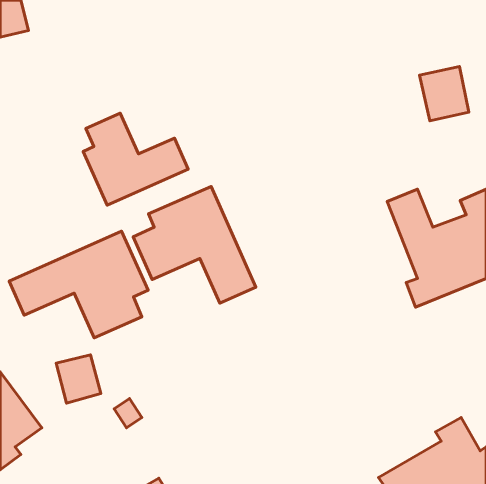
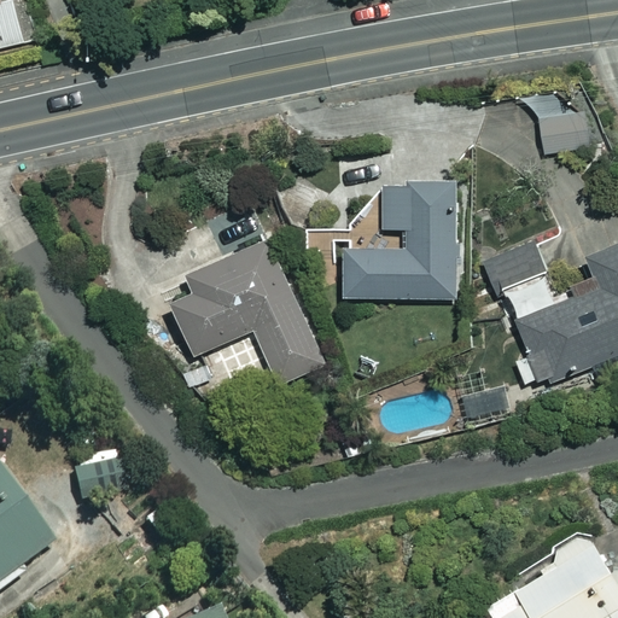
building: [83,113,188,205] -> none
building: none -> [343,181,455,299]
building: [9,231,148,338] -> none

